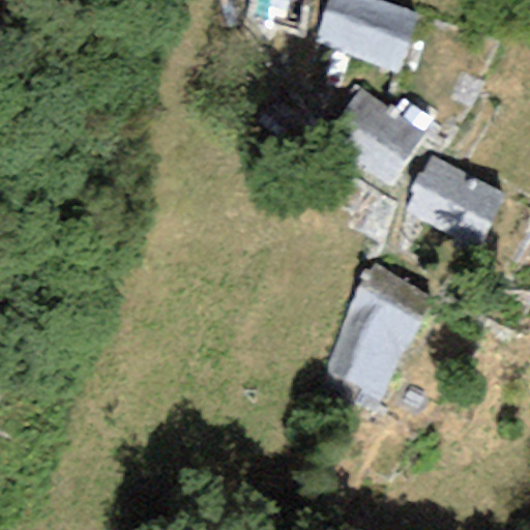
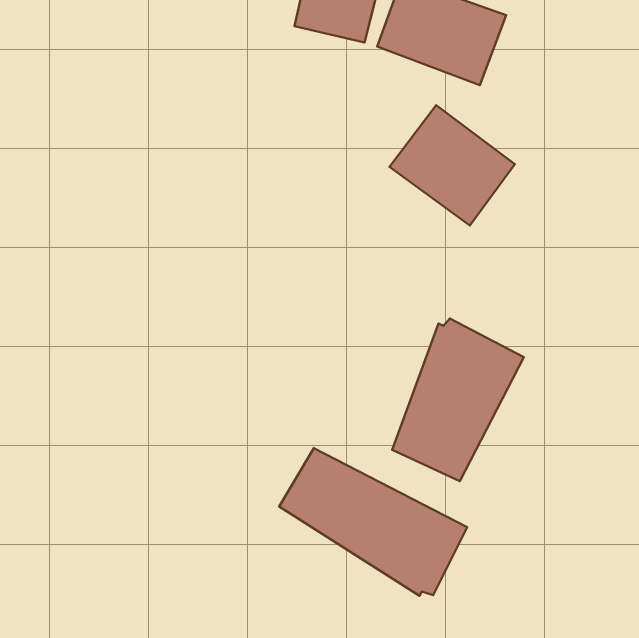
building: [405,153,505,247] -> none
building: none -> [279,448,467,596]

